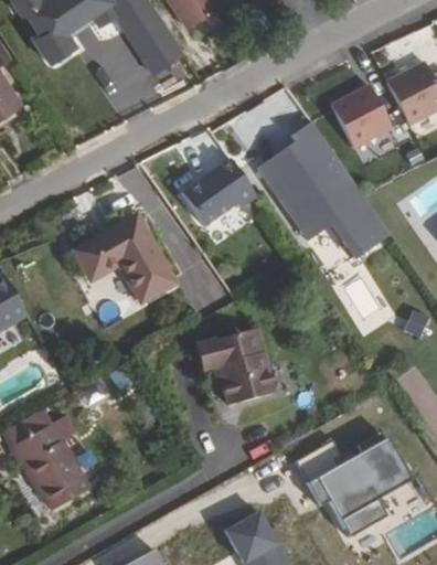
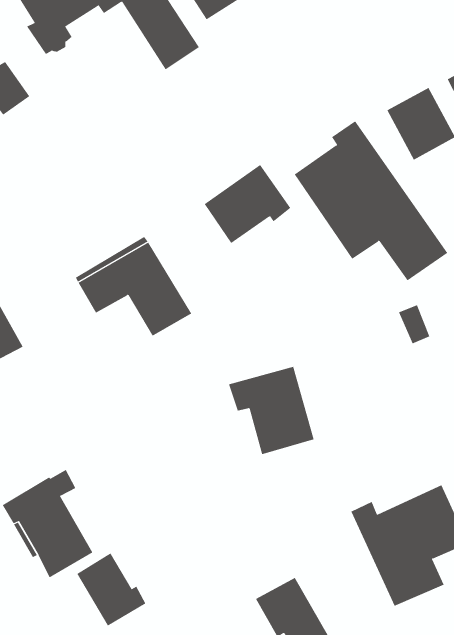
building: none -> [76,552,146,627]

